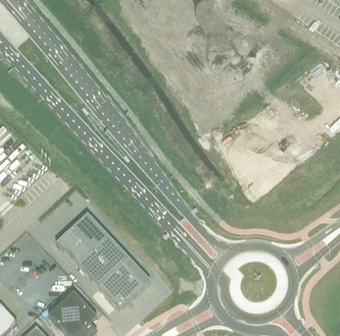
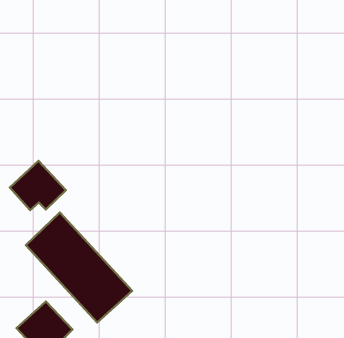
building: none -> [10,161,66,210]

